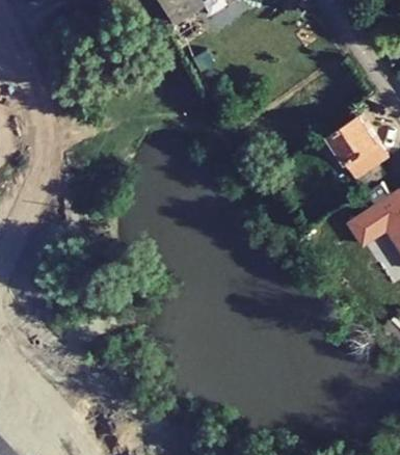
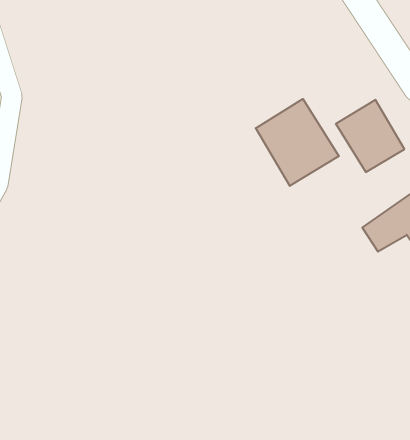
building: none -> [256,99,339,186]

